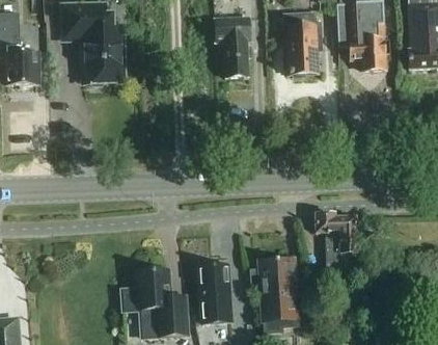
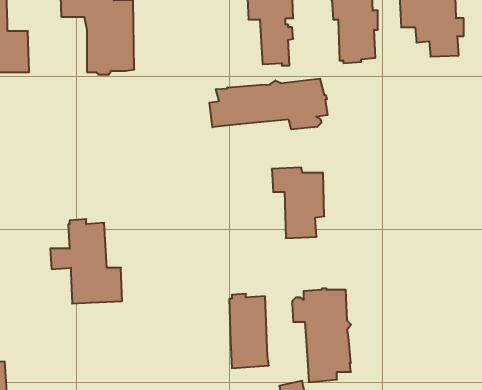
building: none -> [209,79,328,129]
building: [314,212,357,269] -> [272,168,324,238]
building: [124,266,182,335] -> [50,219,122,304]

